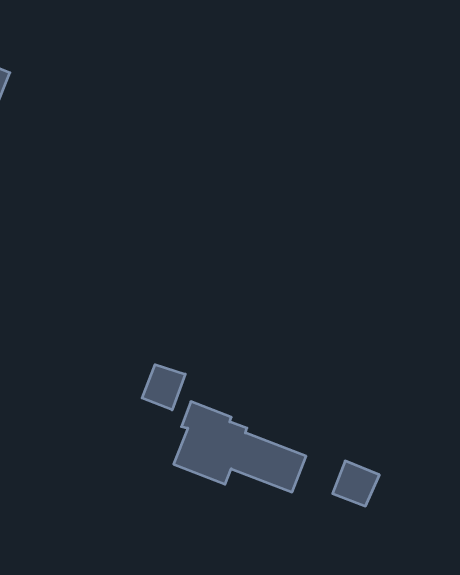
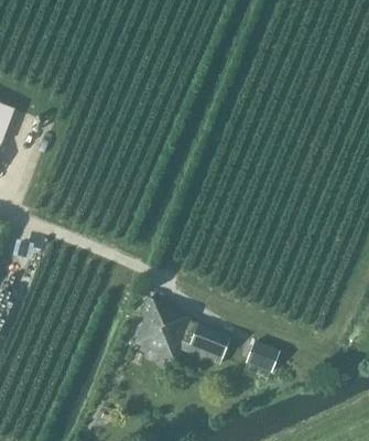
building: [142,365,185,410] -> none

